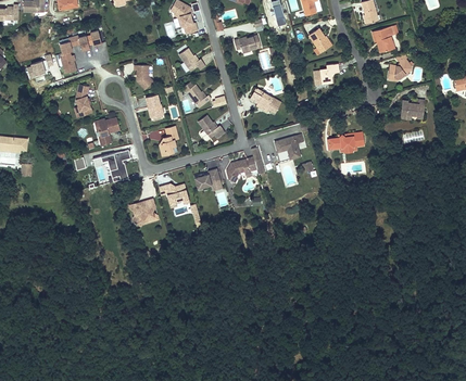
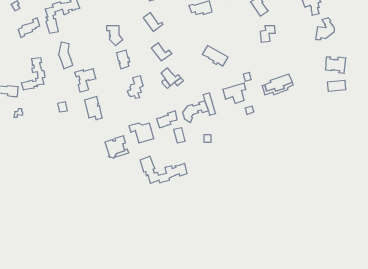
building: none -> [22,58,45,90]
building: none -> [140,156,187,183]

